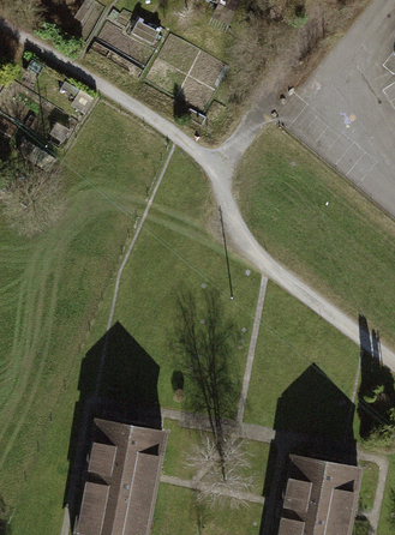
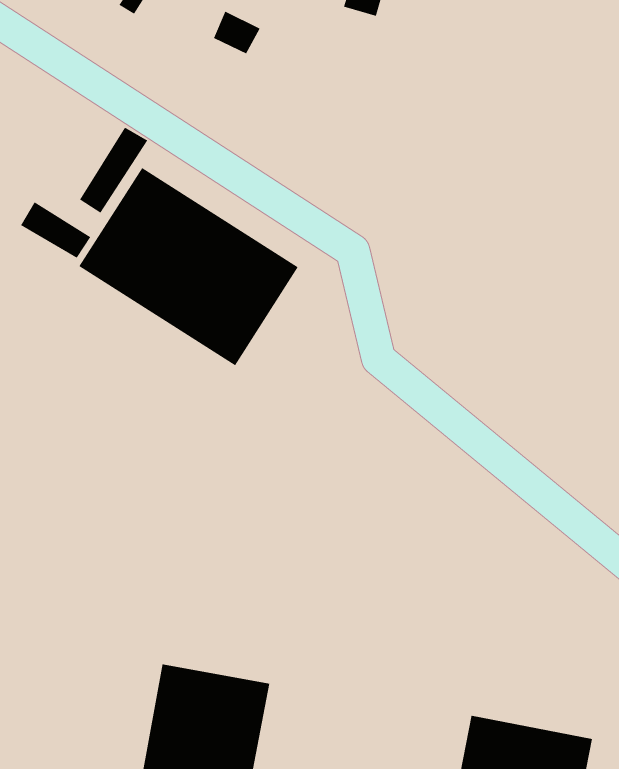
building: none -> [79,167,299,366]

